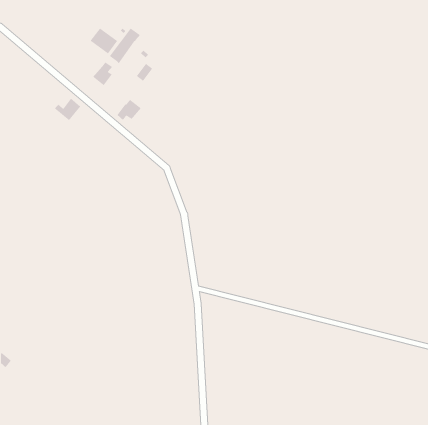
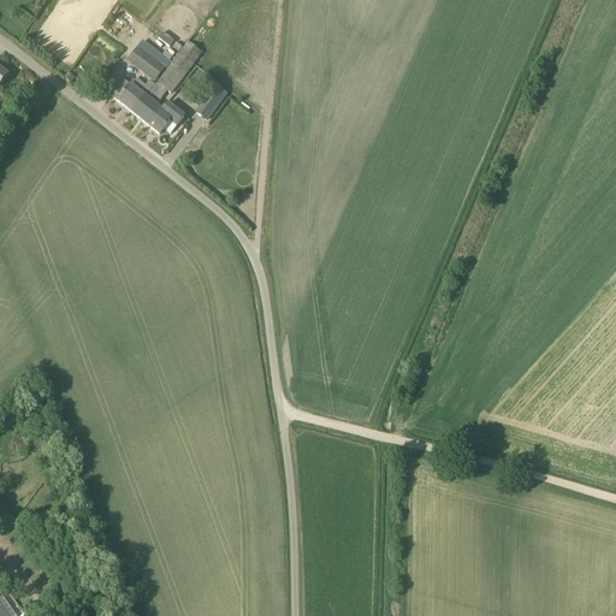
building: [54,98,82,121] -> [111,77,150,111]
building: [117,99,142,121] -> [149,101,185,132]

